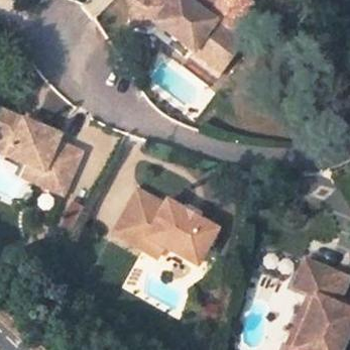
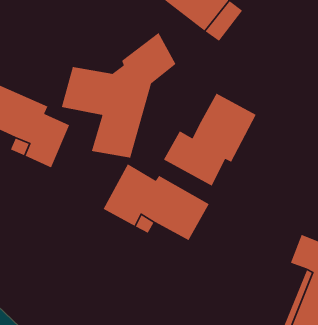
building: none -> [61,32,176,159]
building: none -> [163,93,257,187]

